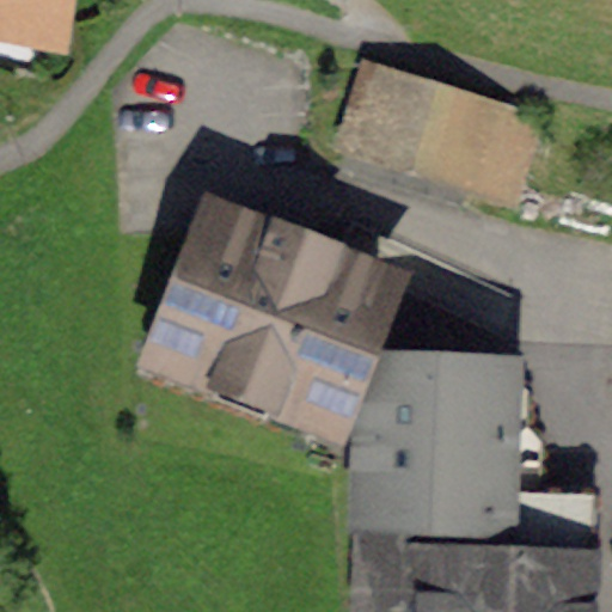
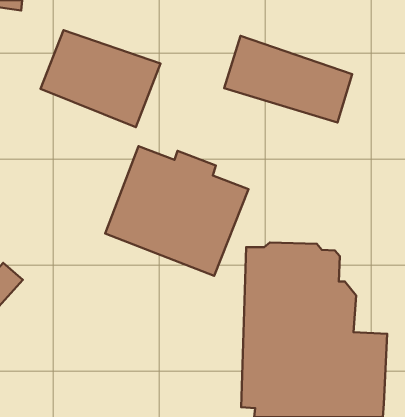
building: none -> [41,30,160,127]

